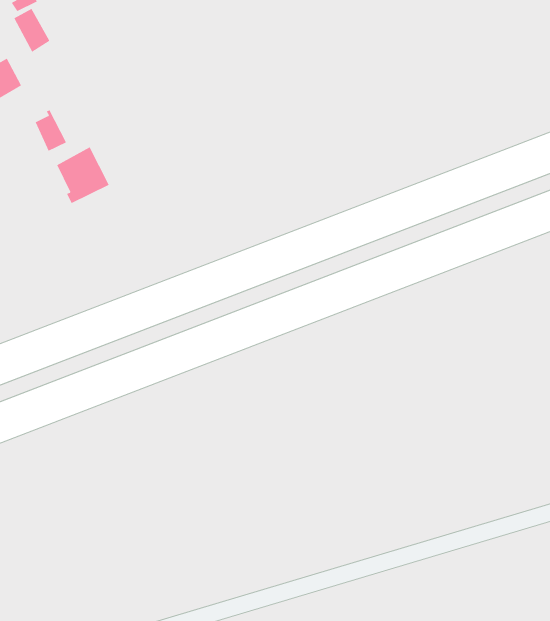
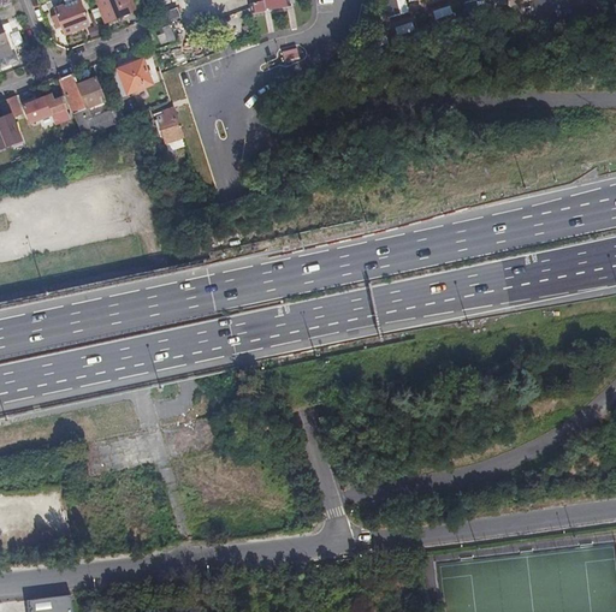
building: [56,147,110,204] -> none

